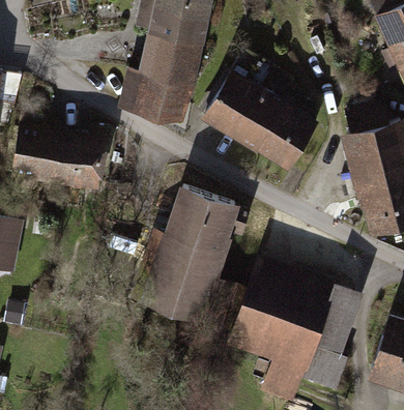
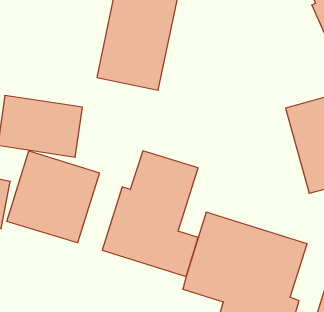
building: [201,70,316,170] -> none
building: none -> [7,151,99,243]

